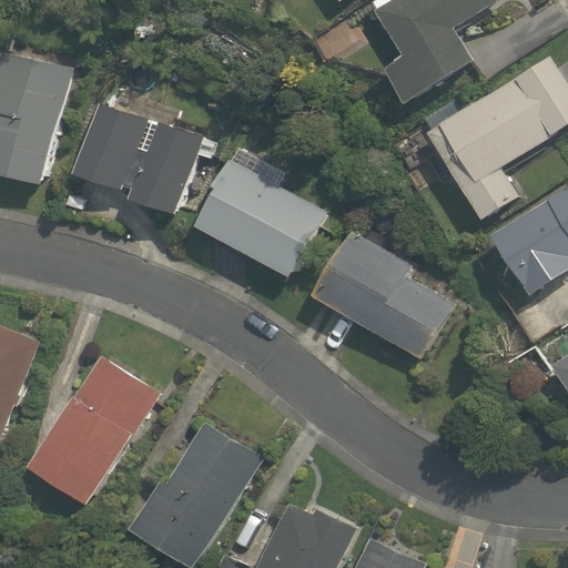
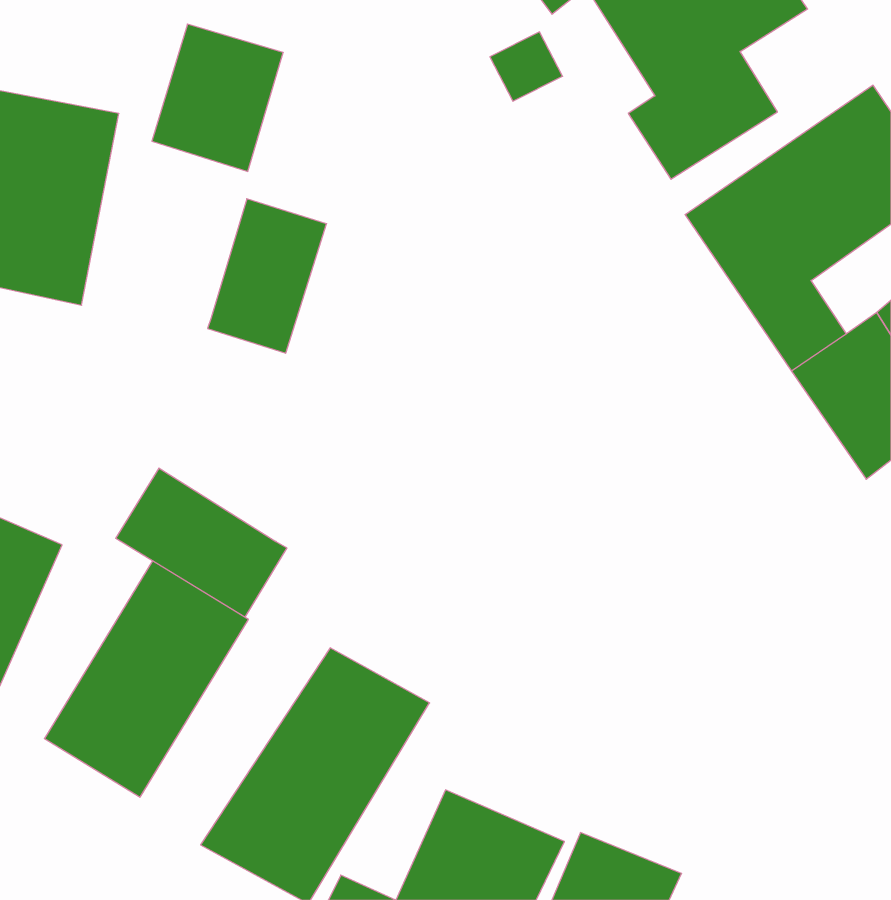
building: [72,106,154,199] -> [152,24,283,171]
building: [204,161,329,281] -> none
building: [317,236,454,363] -> none
building: none -> [116,468,287,617]

